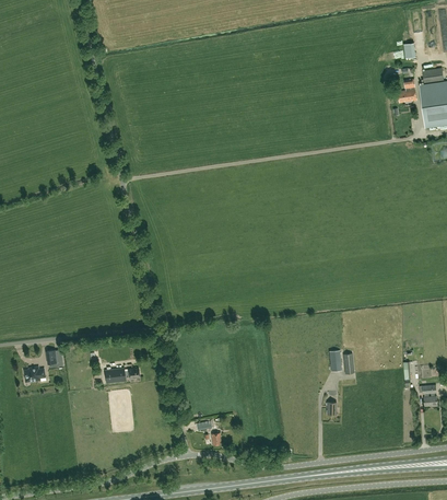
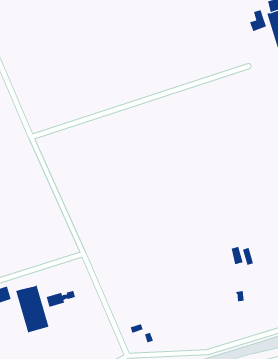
building: none -> [15,284,49,333]

